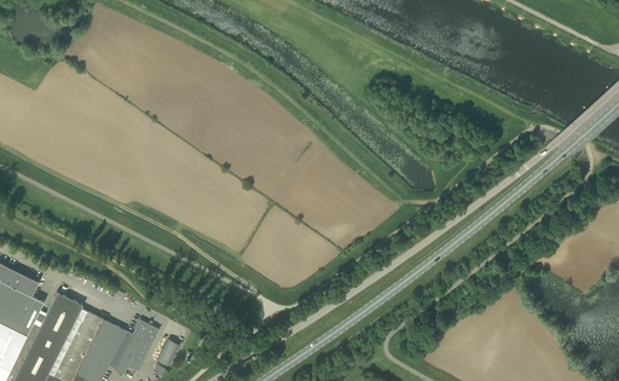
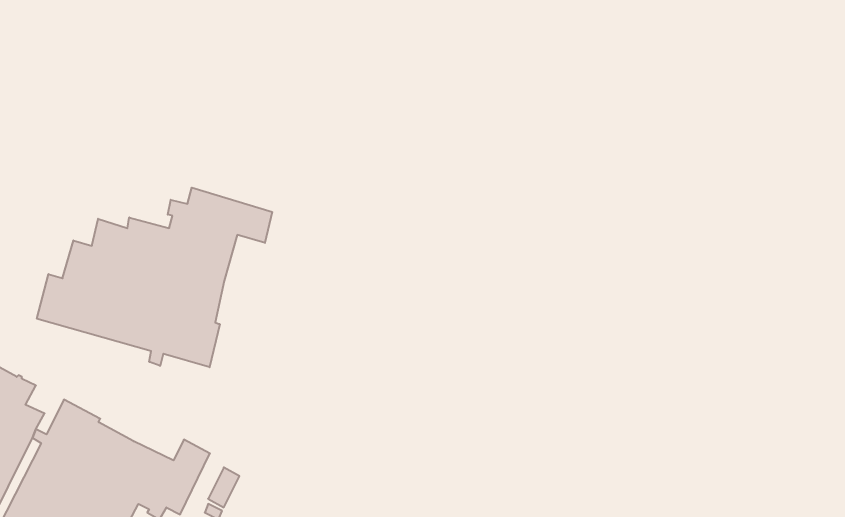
building: none -> [37,188,272,367]

